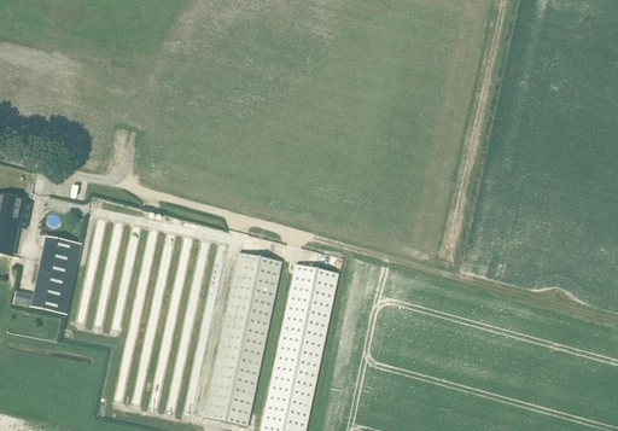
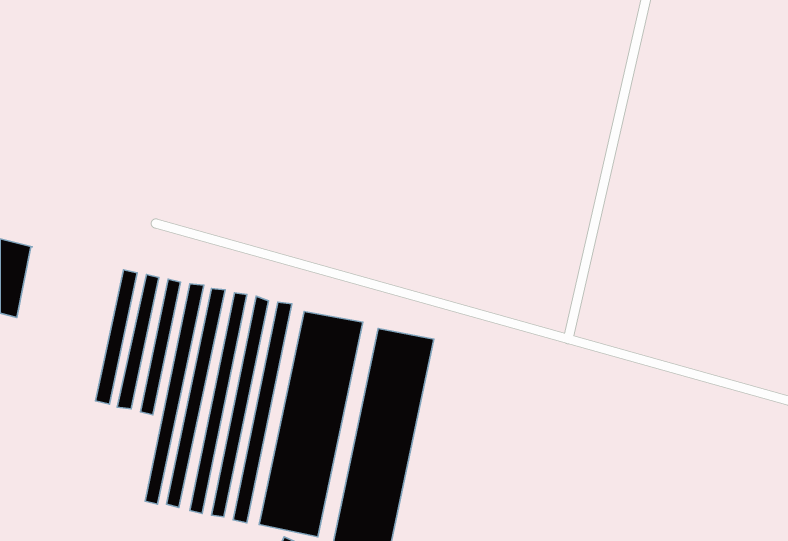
building: [13,235,81,314] -> none

